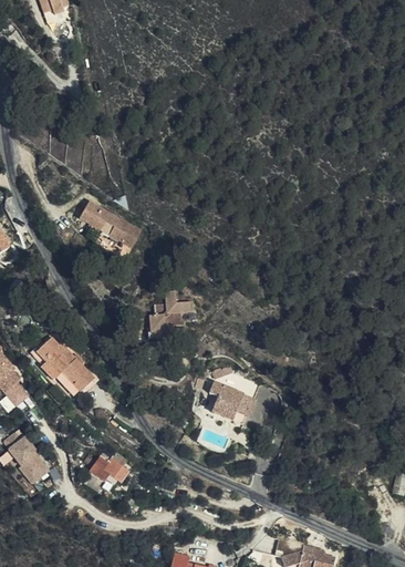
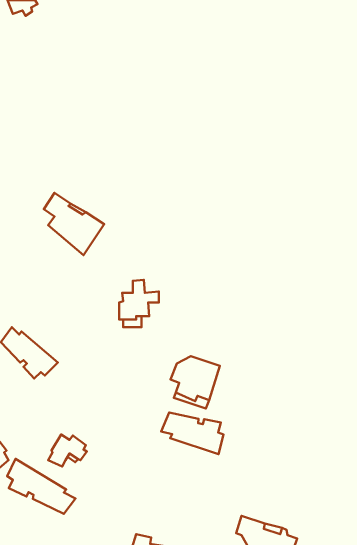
building: none -> [161,413,223,454]
building: none -> [7,459,75,514]

